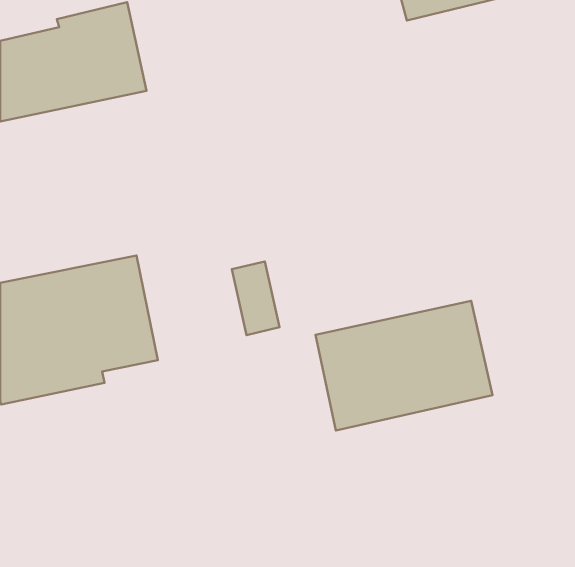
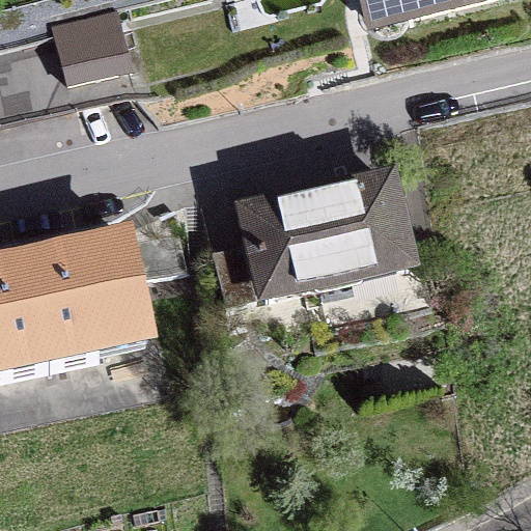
building: [315,301,493,430] -> [251,174,413,292]

